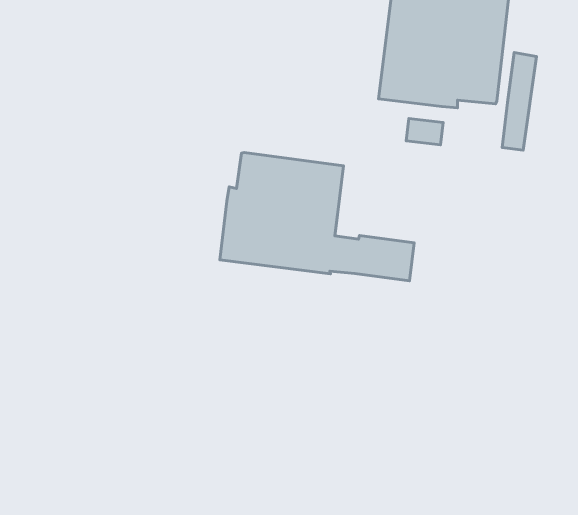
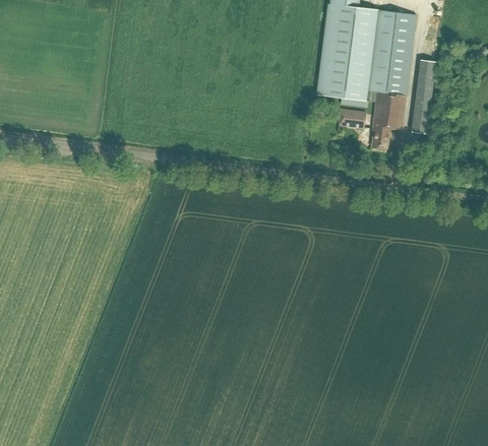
building: none -> [373,94,407,149]
building: [220,153,414,281] -> none

